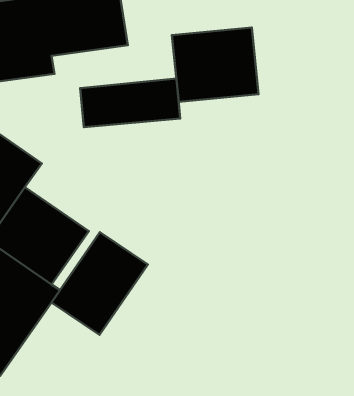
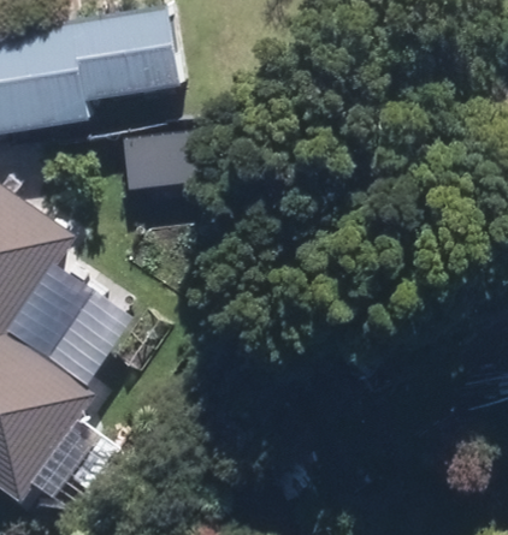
building: [172,28,259,102] -> none
building: [52,232,148,335] -> none

